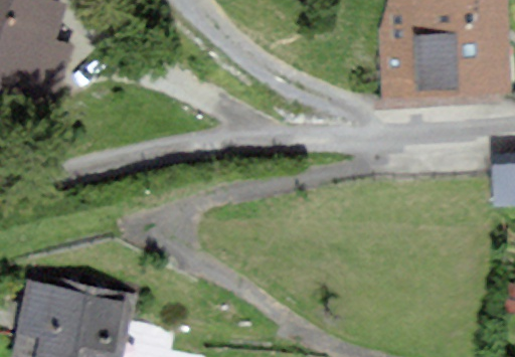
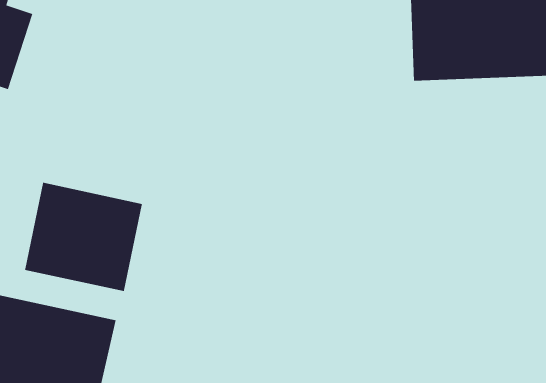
building: none -> [25,182,143,292]

